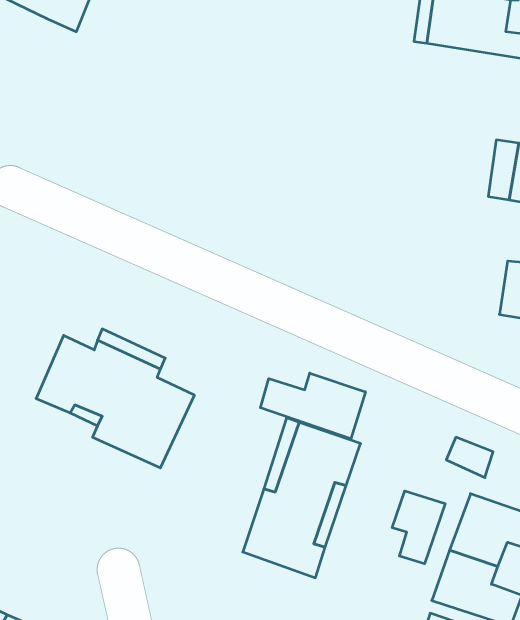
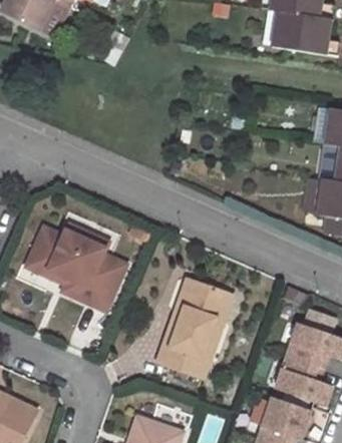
building: [260,373,365,439] -> none
building: [392,491,445,564] -> none

